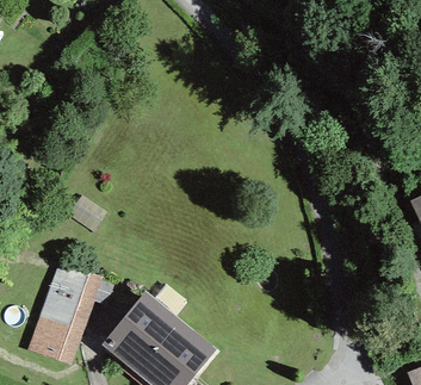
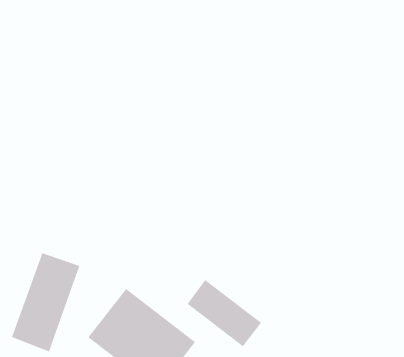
building: none -> [187,279,262,347]

